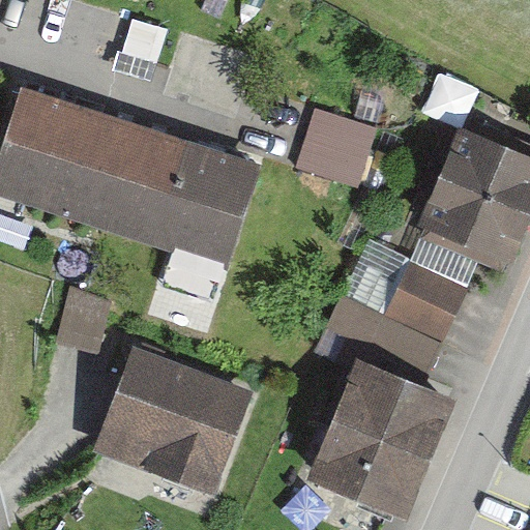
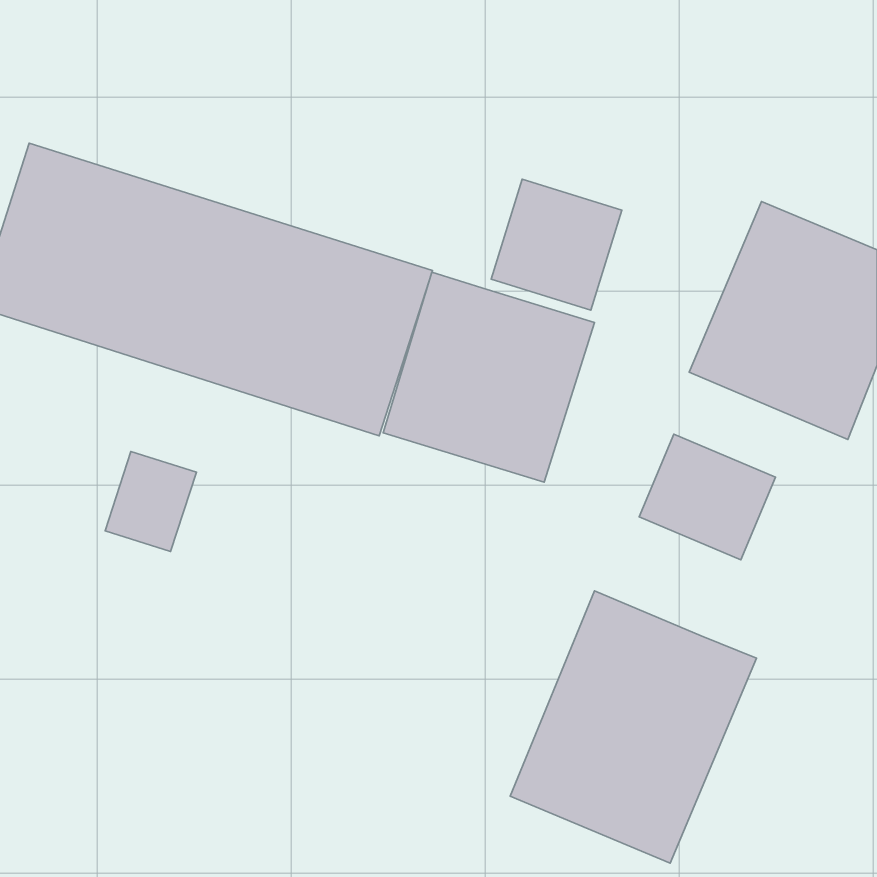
building: none -> [383,272,595,482]
building: [325,295,445,384] -> none
building: [96,347,256,499] -> none

